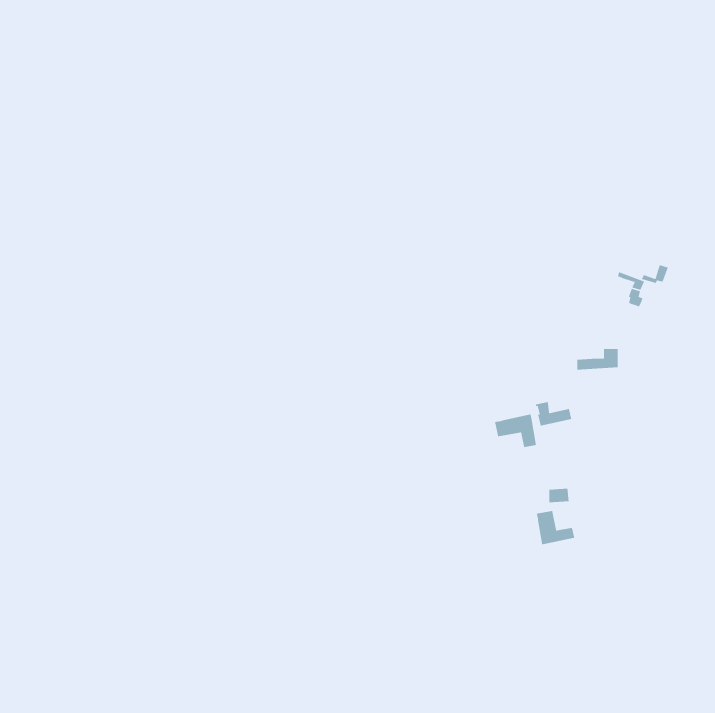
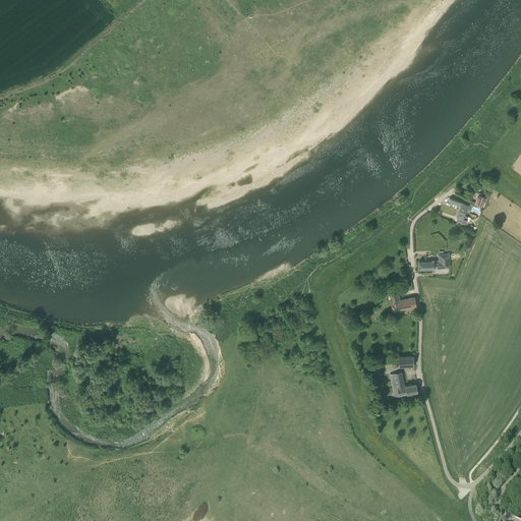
building: [494,413,537,448] -> none

